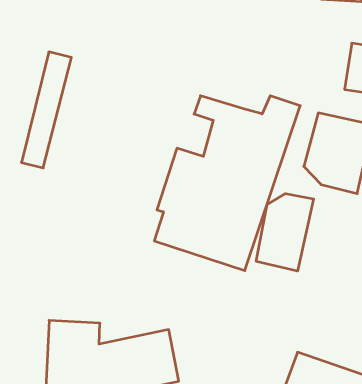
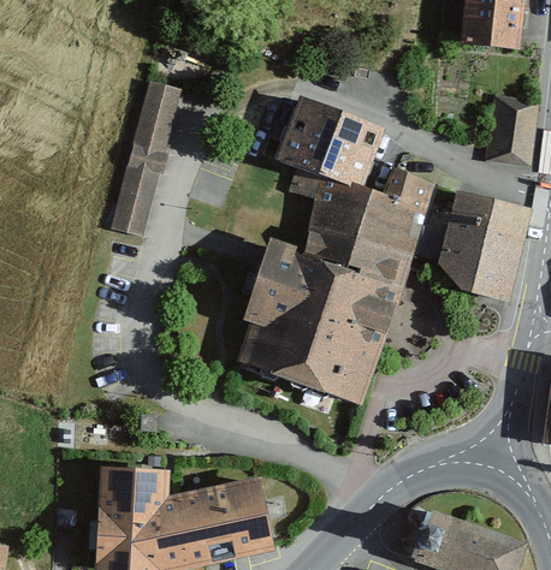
building: none -> [278,99,380,188]
building: [21,52,71,168] -> [114,84,180,238]
building: [256,194,314,271] -> none

